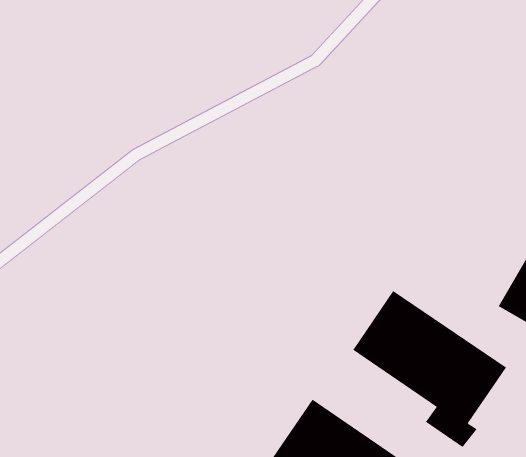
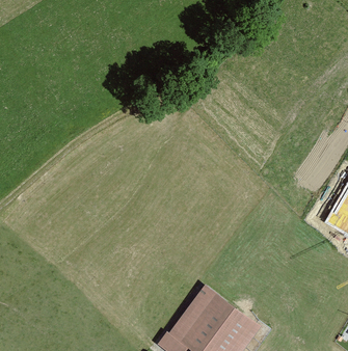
building: [352,290,507,448] -> none

